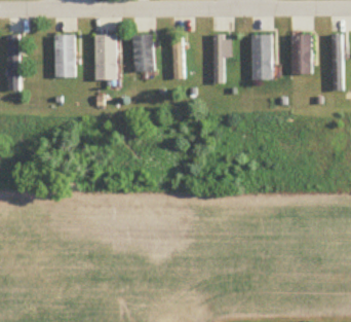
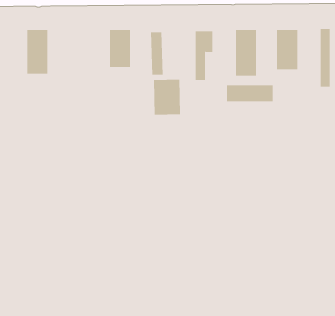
building: [95,35,116,79] -> none
building: none -> [153,79,181,115]
building: none -> [227,85,273,102]

